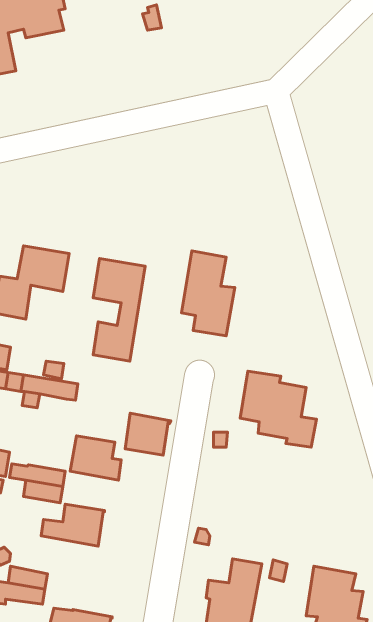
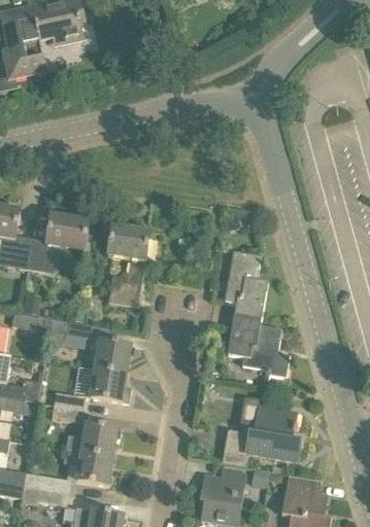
building: [182,251,235,336] -> [225,250,268,319]
building: [125,413,171,455] -> [95,339,132,373]
building: none -> [224,405,299,461]
building: none -> [64,449,112,486]

